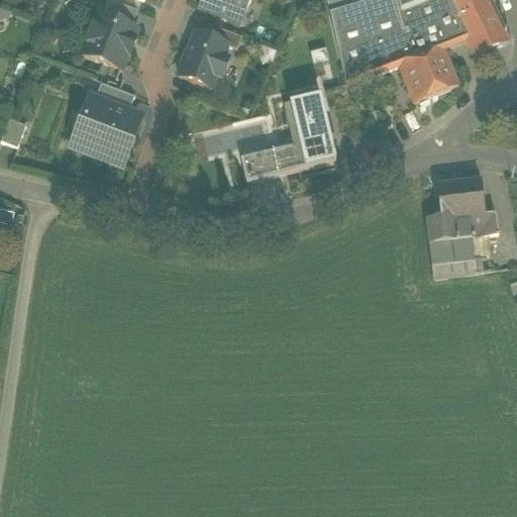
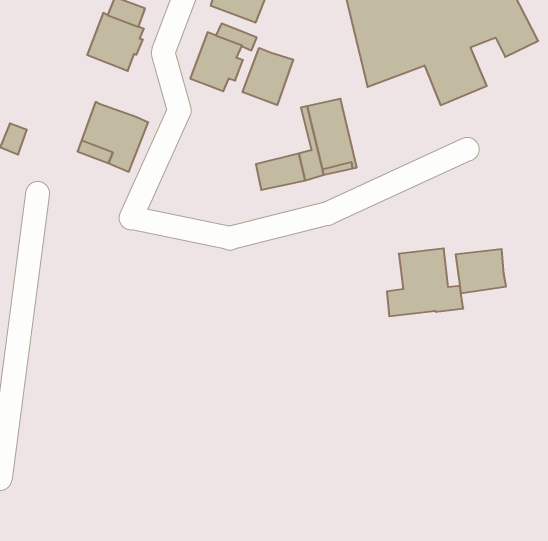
building: none -> [243,48,293,105]
building: [95,81,135,110] -> none
building: [427,176,499,239] -> [387,248,463,316]

